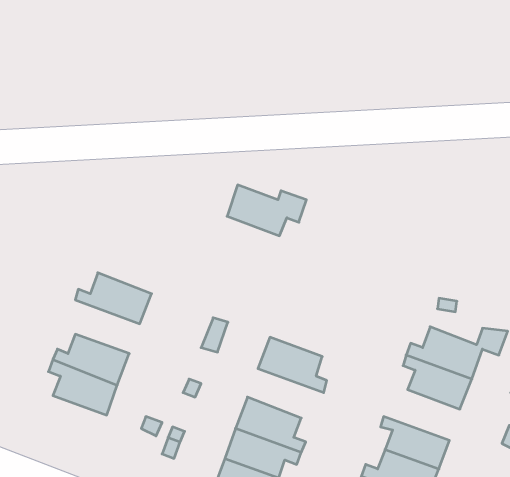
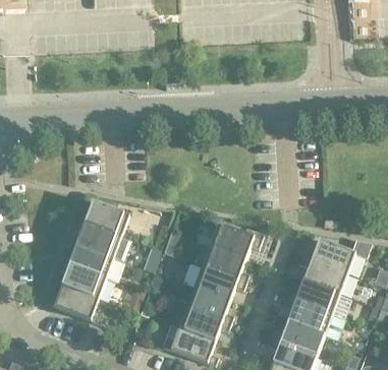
building: [227,185,306,236] -> [208,224,262,258]
building: none -> [72,220,129,259]
building: none -> [192,266,244,300]
building: none -> [285,281,337,315]
building: none -> [44,285,97,319]

